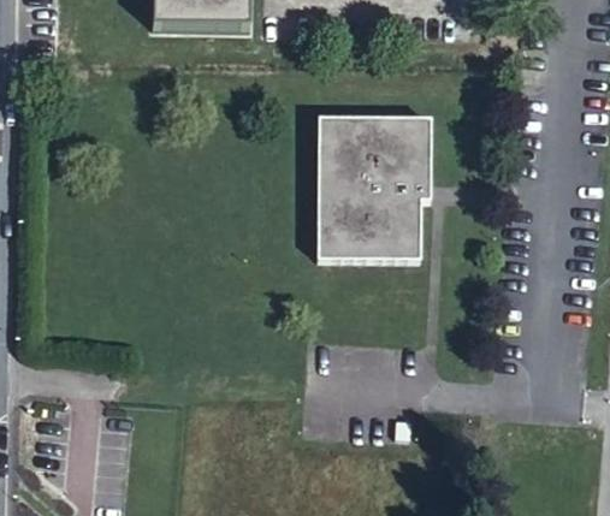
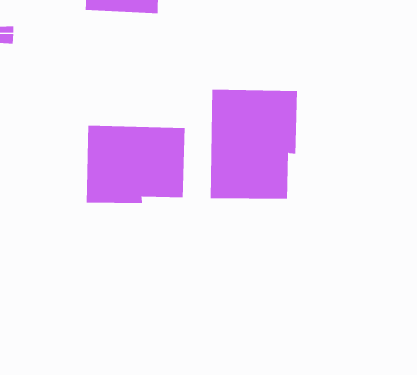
building: none -> [86,125,185,204]

